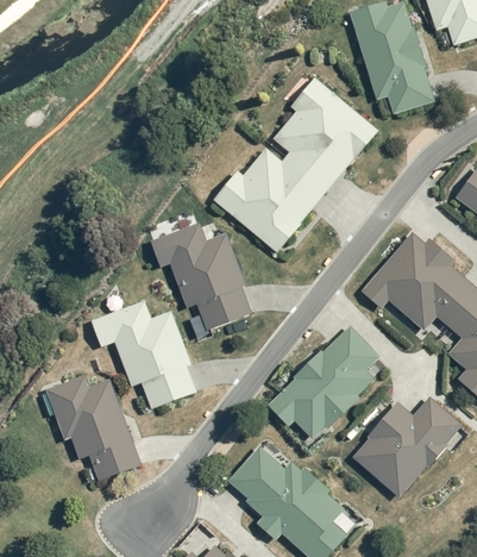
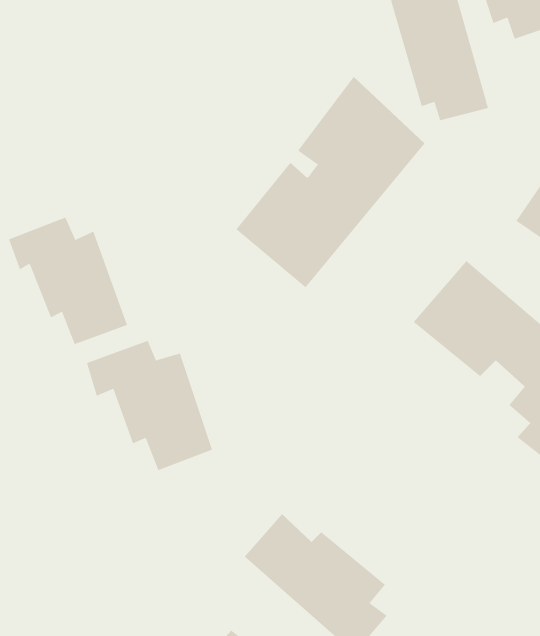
building: [150,221,251,330] -> [8,217,128,345]
building: [266,325,379,437] -> none
building: [45,373,142,481] -> none
building: [352,395,462,496] -> none

